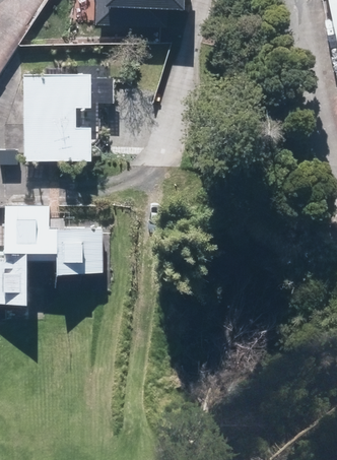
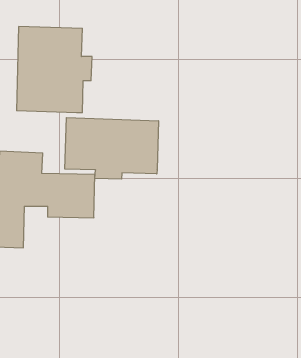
building: none -> [65,118,158,179]

